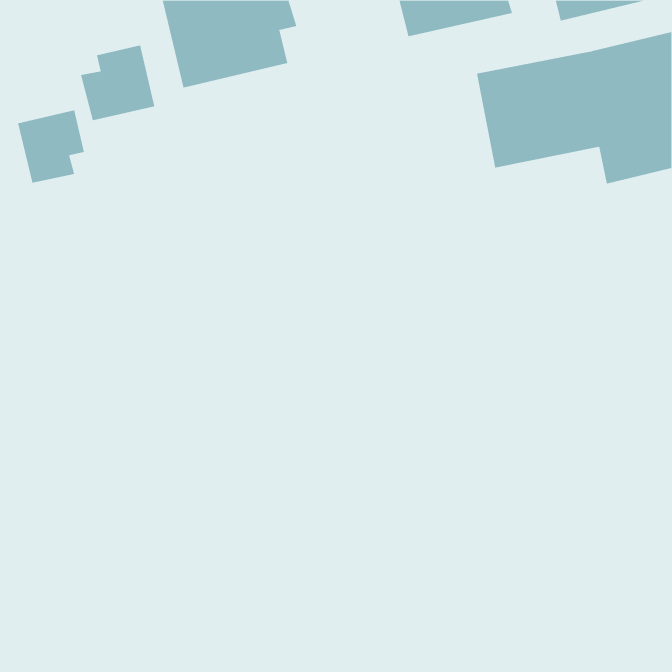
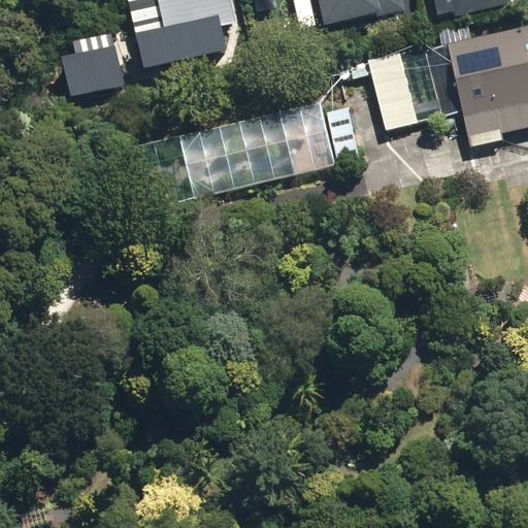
building: [18,110,84,184] -> none
building: none -> [137,100,336,205]

